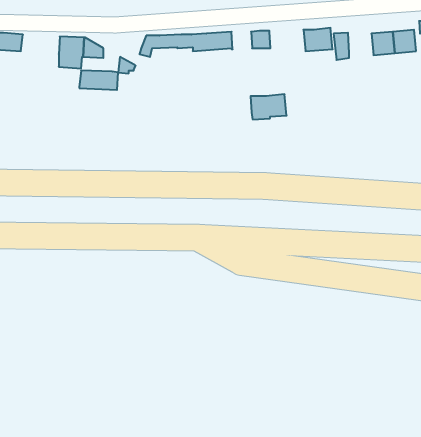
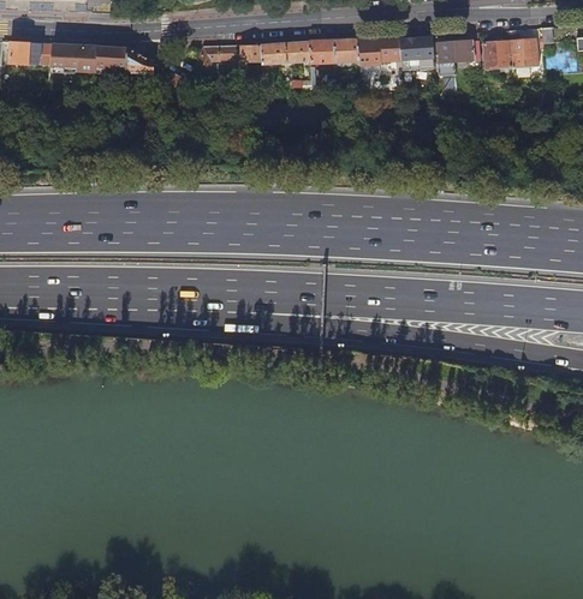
building: none -> [309,41,334,62]
building: none -> [453,41,480,67]
building: [79,71,118,90] -> [48,44,96,68]
building: [251,94,287,119] -> [356,38,400,70]

